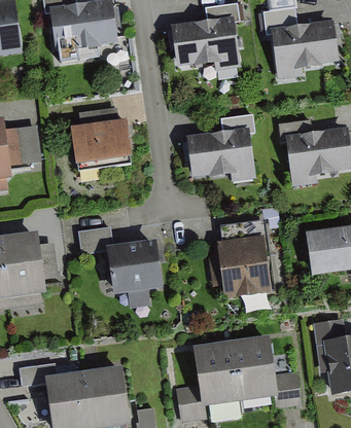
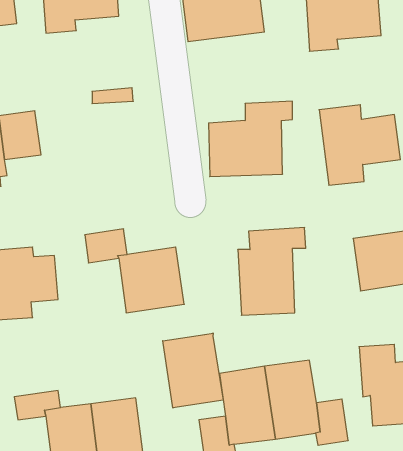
building: [72,119,135,166] -> none
building: none -> [163,333,223,408]

